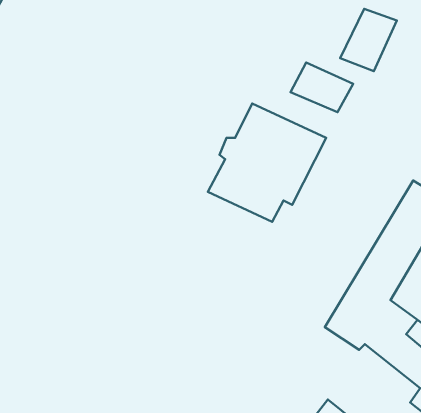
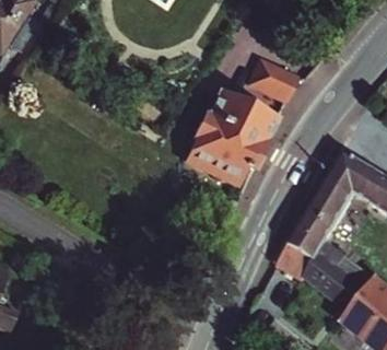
building: [340,9,397,71] -> none

